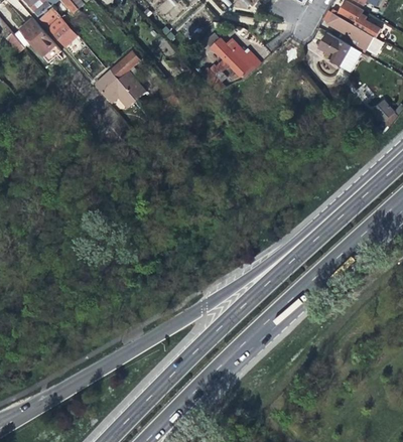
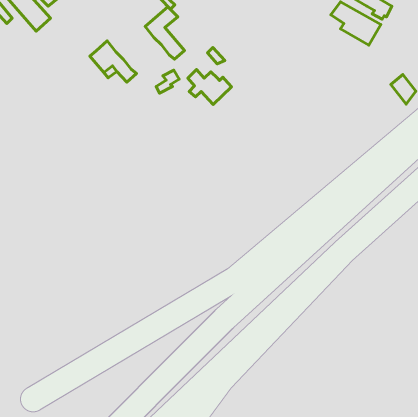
building: [215,43,255,76] -> [188,70,232,104]
building: [110,50,146,99] -> [145,7,184,59]

